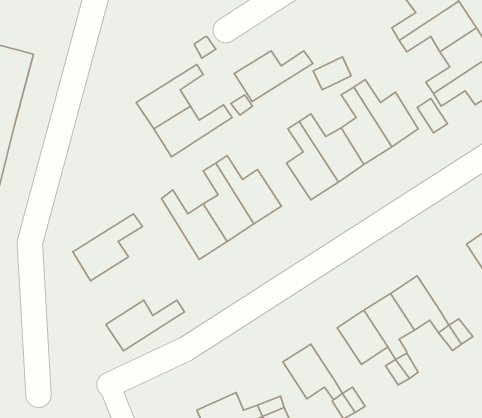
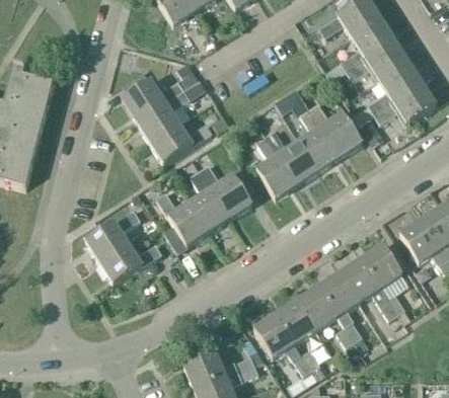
building: [234,51,313,101] -> [121,78,183,118]
building: none -> [360,243,400,287]
building: [106,300,184,351] -> [98,242,161,283]
building: none -> [275,299,315,341]

